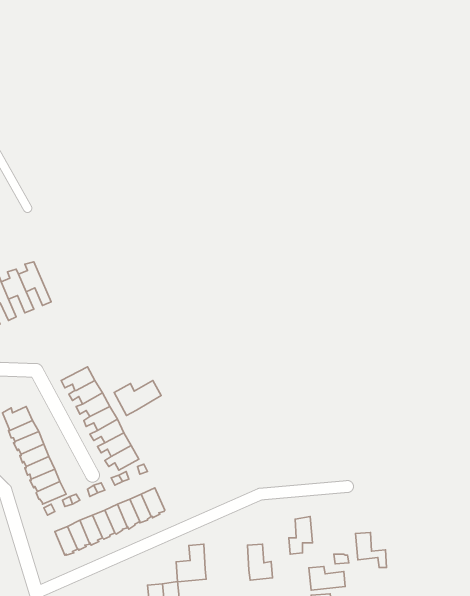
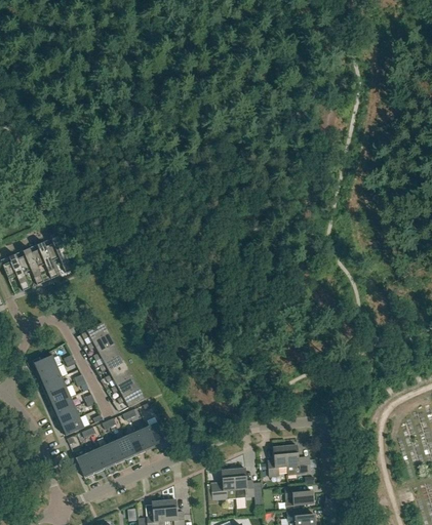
building: [114,380,161,416] -> none
building: [355,532,387,567] -> [284,444,310,473]
building: [176,544,206,582] -> [210,469,235,499]

